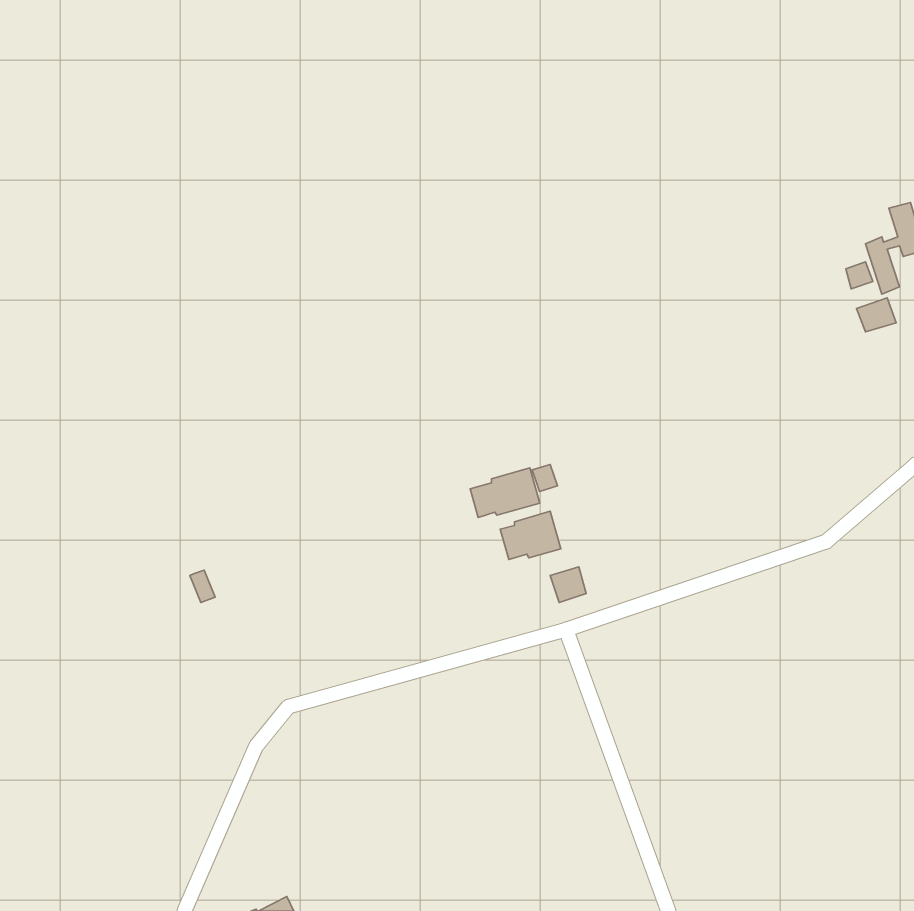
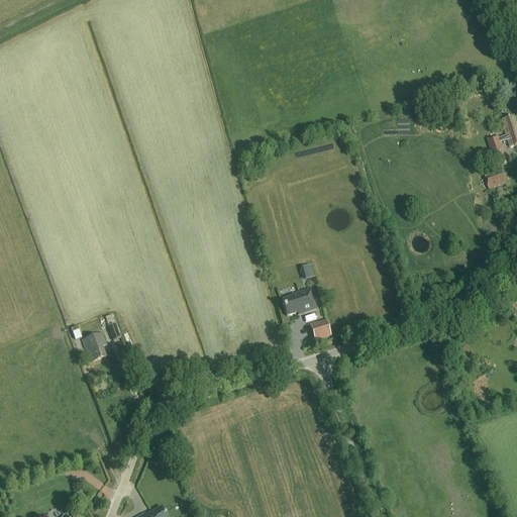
building: [470,468,540,518] -> none
building: none -> [83,331,107,360]

